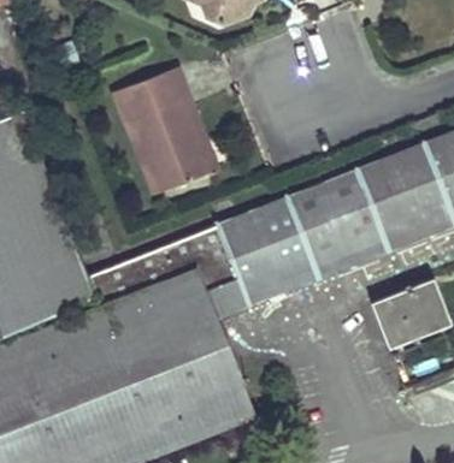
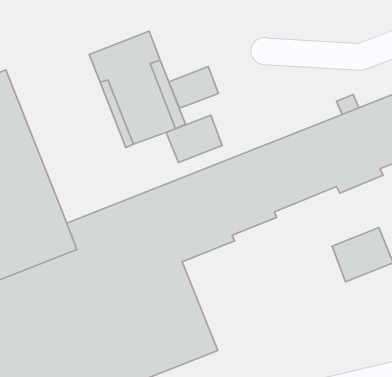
building: none -> [169,67,218,108]
building: none -> [166,115,222,162]

